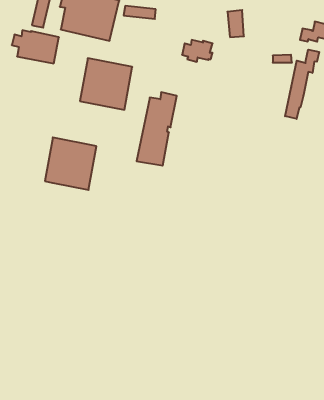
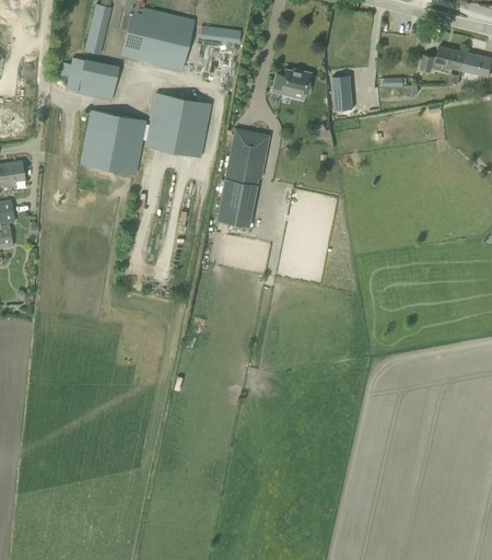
building: [227,10,244,37] -> [332,75,353,109]
building: [285,50,319,119] -> none
building: [45,137,96,190] -> [82,109,147,175]

